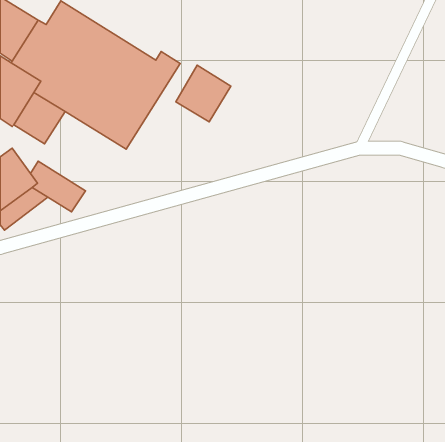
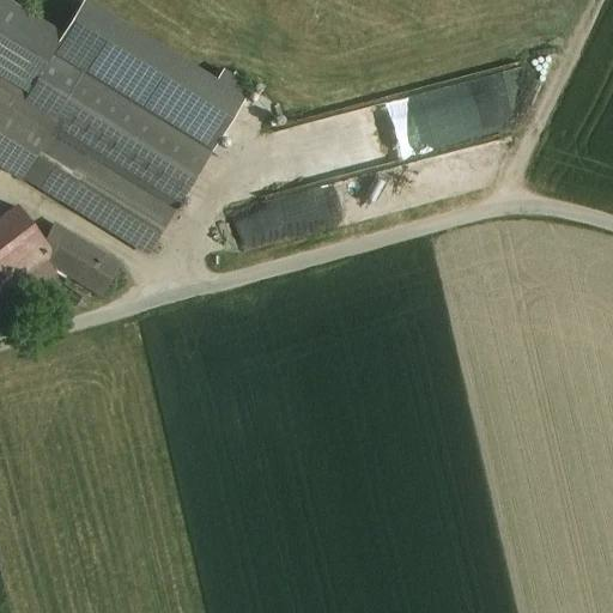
building: [176,65,231,122] -> none
building: none -> [61,153,174,250]

